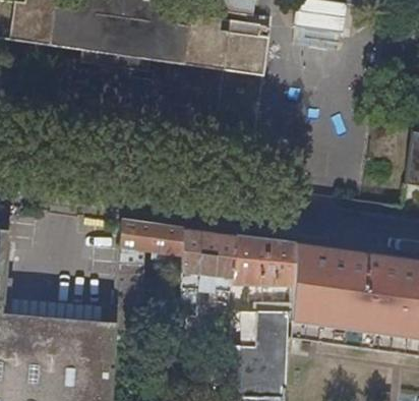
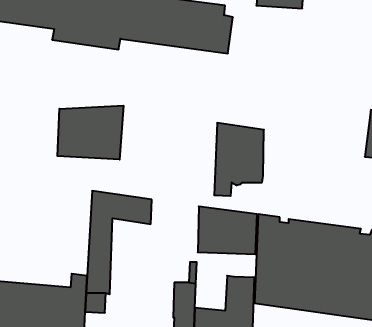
building: none -> [57,106,123,160]
building: [181,228,233,304] -> [214,123,264,196]

